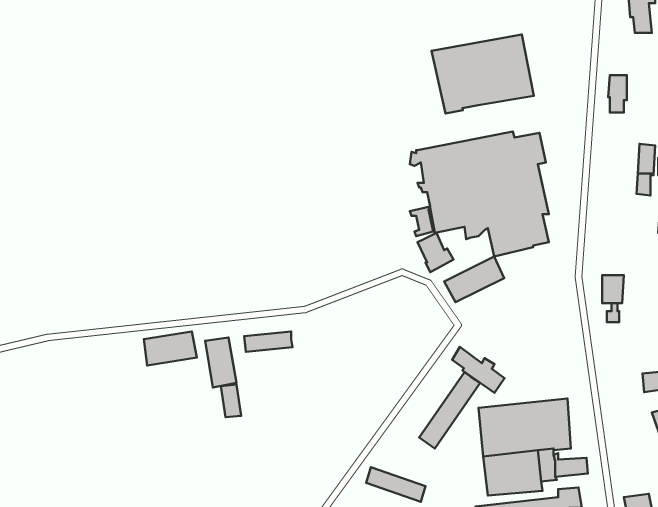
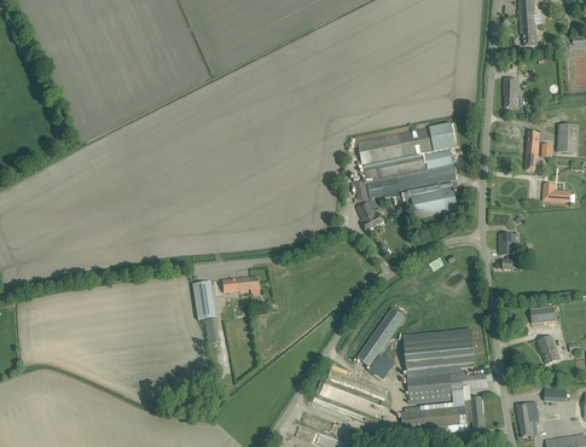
building: [432,34,534,114] -> none
building: [444,256,504,302] -> none
building: [144,331,197,366] -> none
building: [452,347,505,393] -> none

